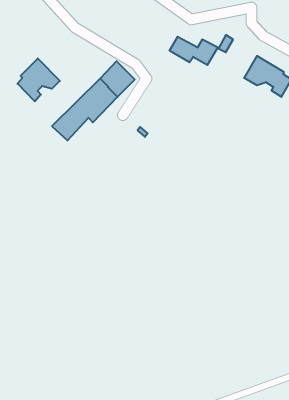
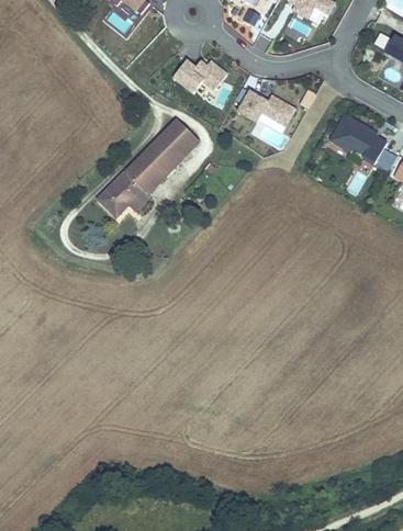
building: none -> [172,59,227,92]
building: [17,58,60,101] -> none

